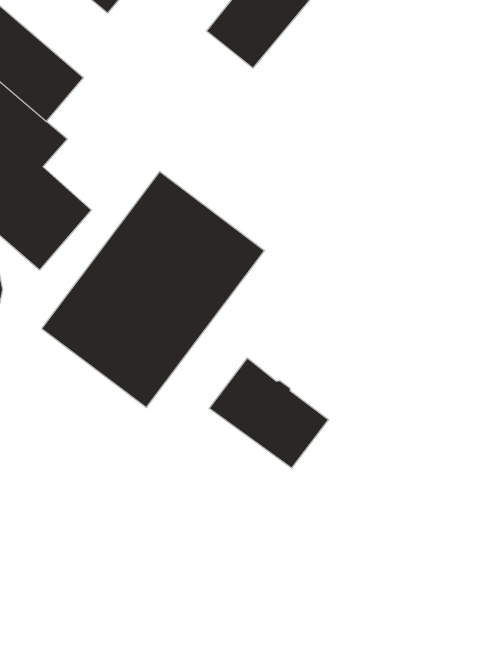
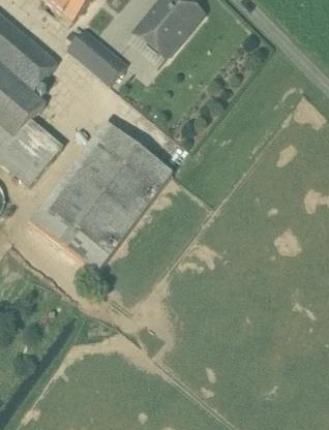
building: none -> [68,29,126,84]
building: [209,358,329,468] -> none

